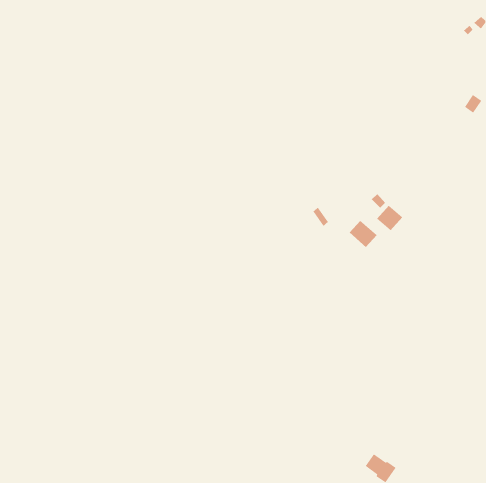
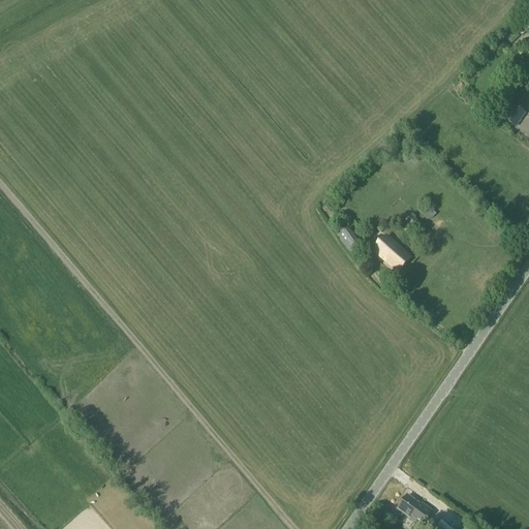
building: [376,205,403,231] -> none

